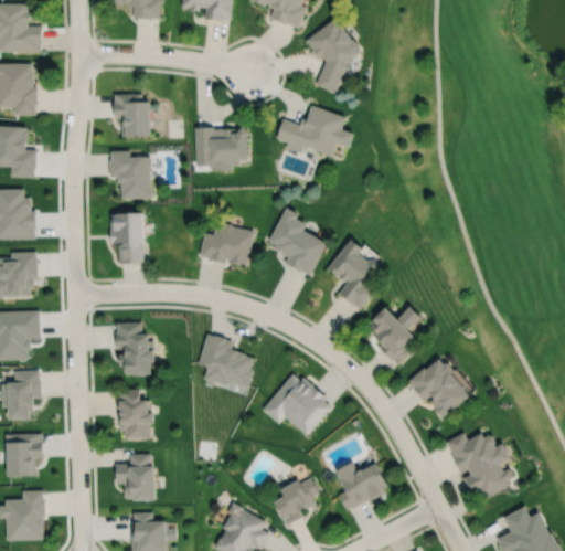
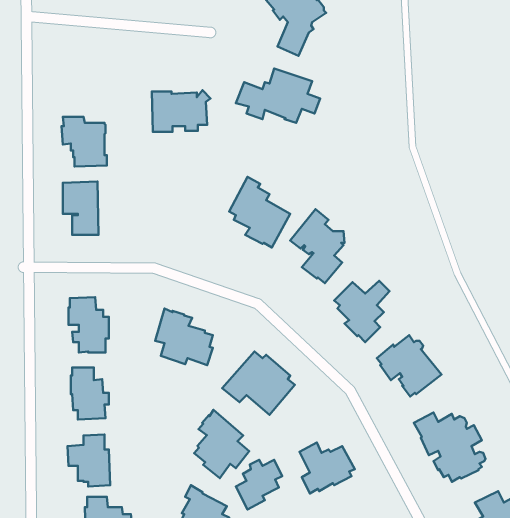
building: [115,94,151,137] -> none
building: [200,223,255,266] -> none
building: none -> [194,410,249,478]

